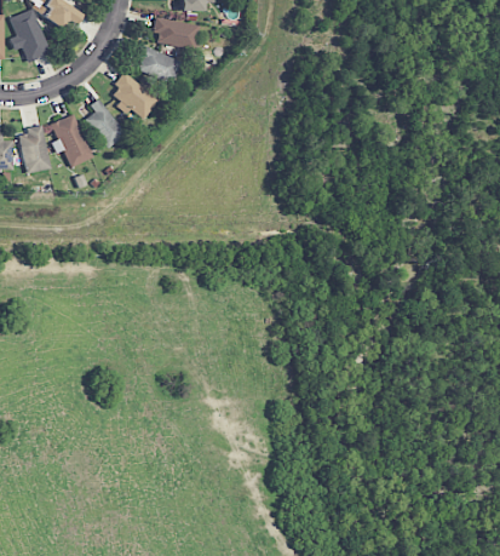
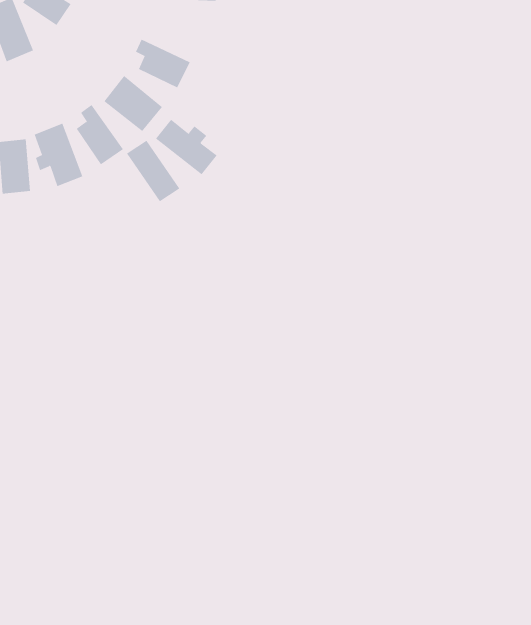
building: [154,18,199,48] -> none
building: none -> [155,119,218,175]
building: none -> [126,140,180,202]

